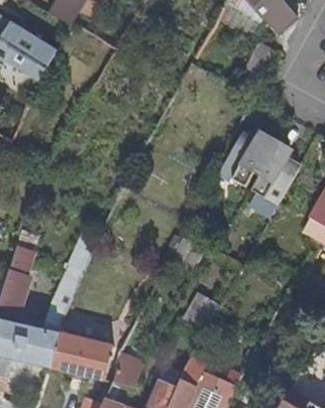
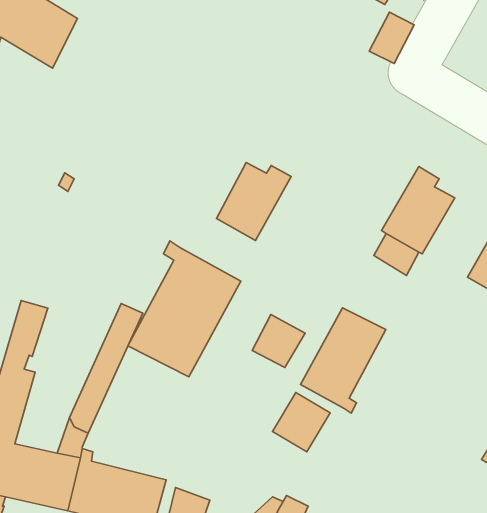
building: [222,132,270,182] -> [216,162,291,240]
building: none -> [128,241,241,377]
building: none -> [301,308,386,413]

